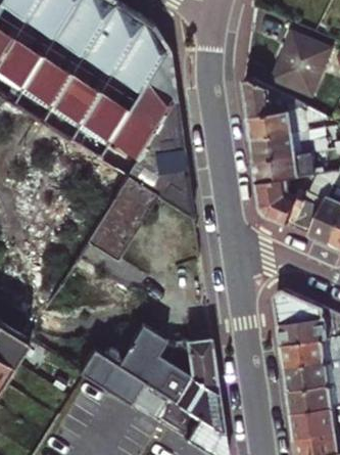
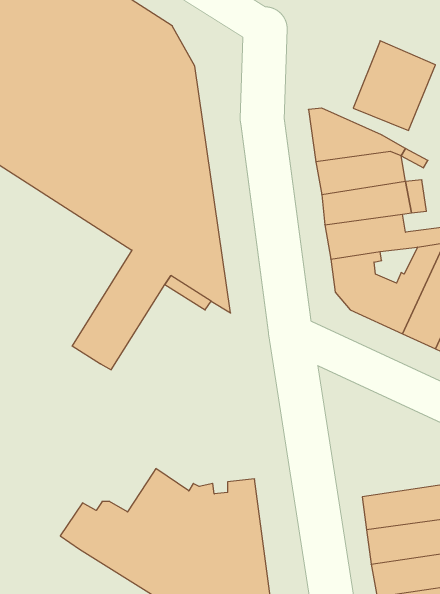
building: [275,292,329,347] -> none

